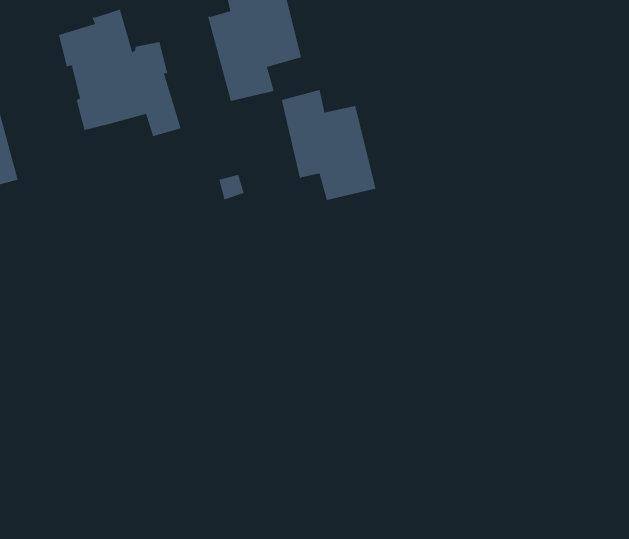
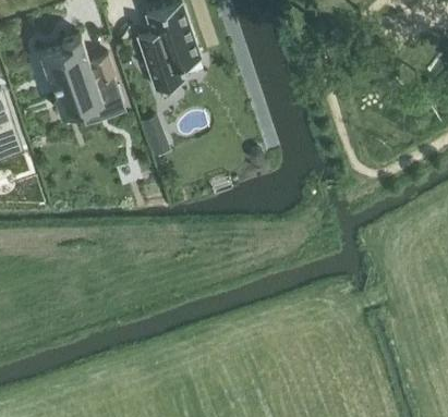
building: [281,89,376,201] -> none

